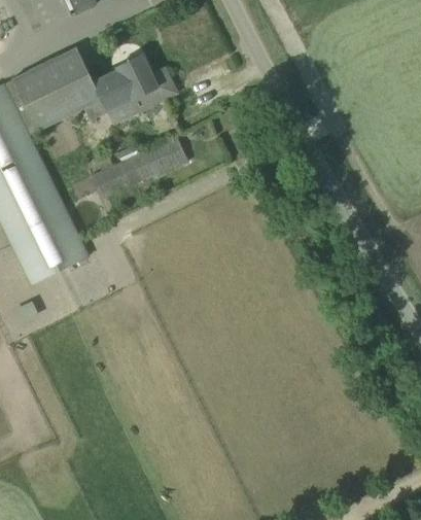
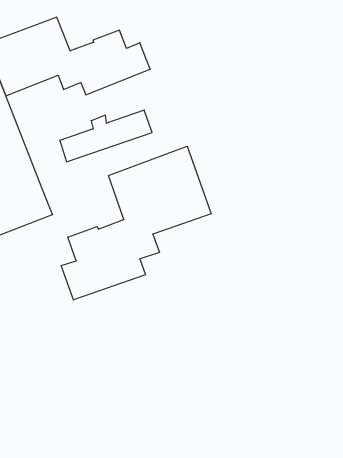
building: none -> [61,146,211,300]

